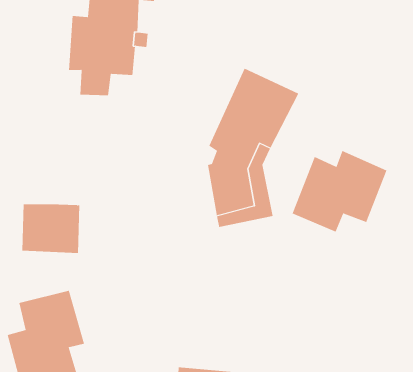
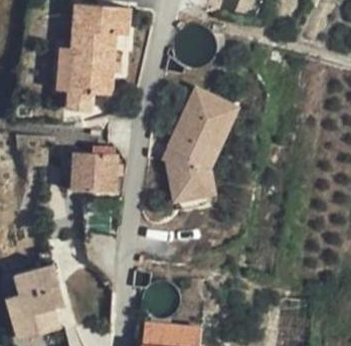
building: [292,150,387,233] -> none
building: [22,204,80,254] -> [68,152,115,191]

